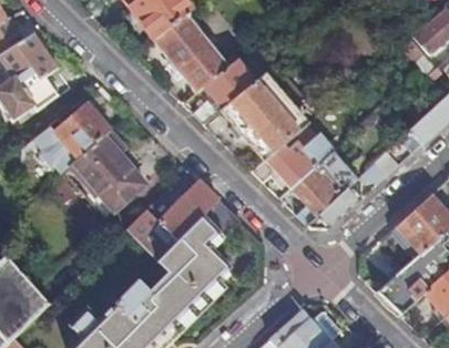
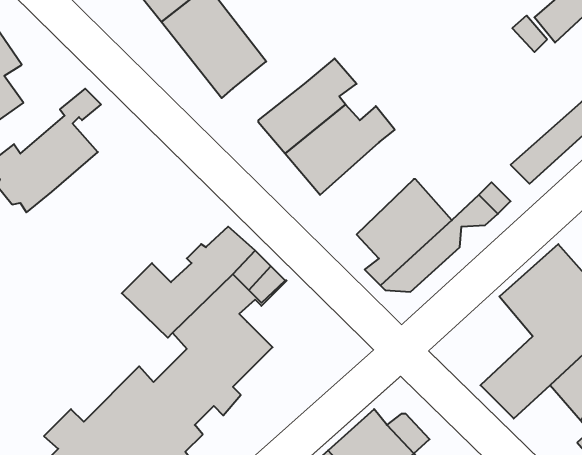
building: [204,59,254,106] -> none
building: [253,122,330,186] -> none
building: [70,129,146,217] -> none

